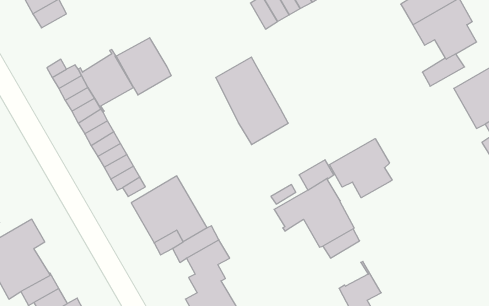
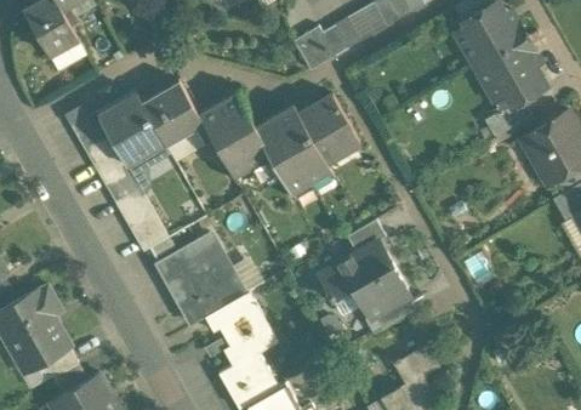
building: none -> [199,92,279,186]
building: none -> [300,92,360,160]
building: [329,139,392,198] -> none

